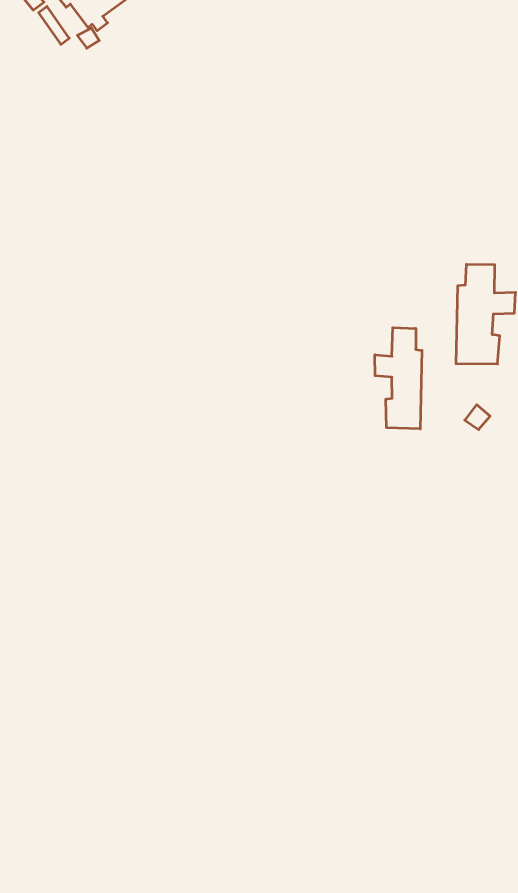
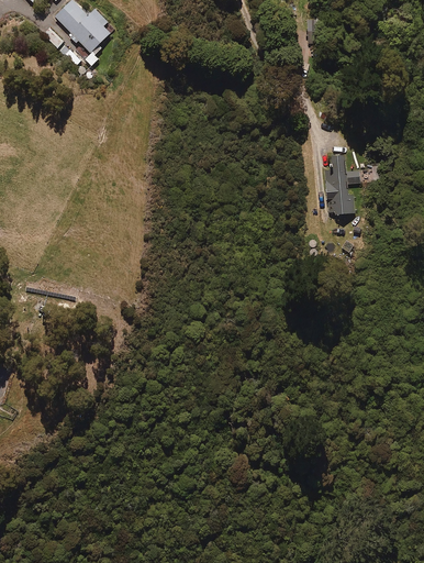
building: [375,328,422,429] -> none

